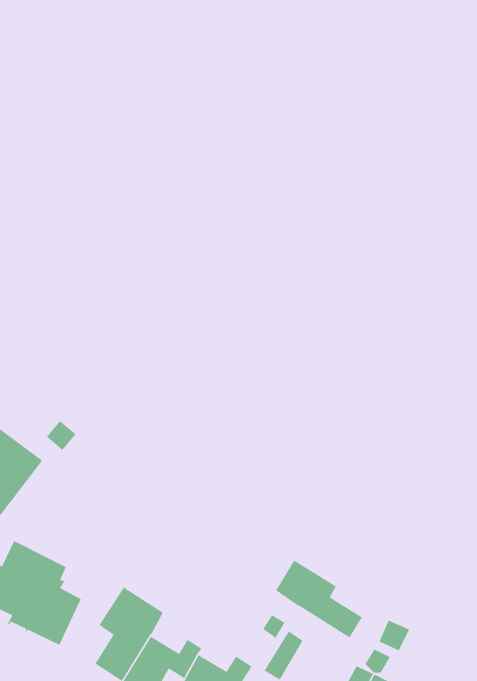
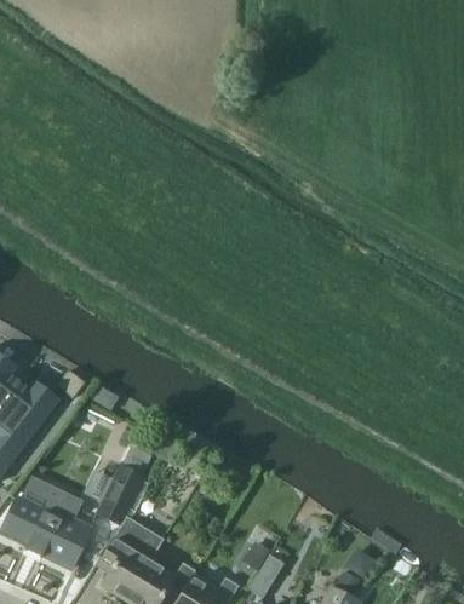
building: none -> [82,444,153,529]
building: [275,559,363,639] -> none

